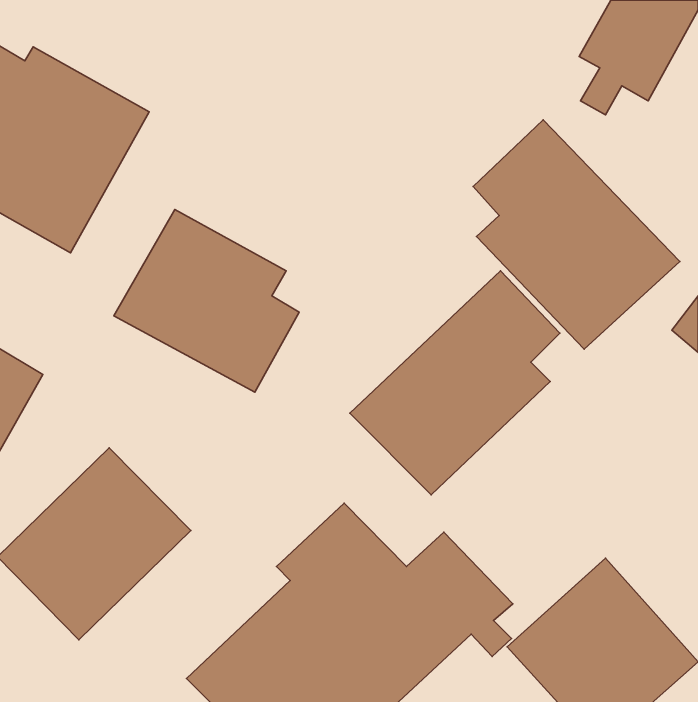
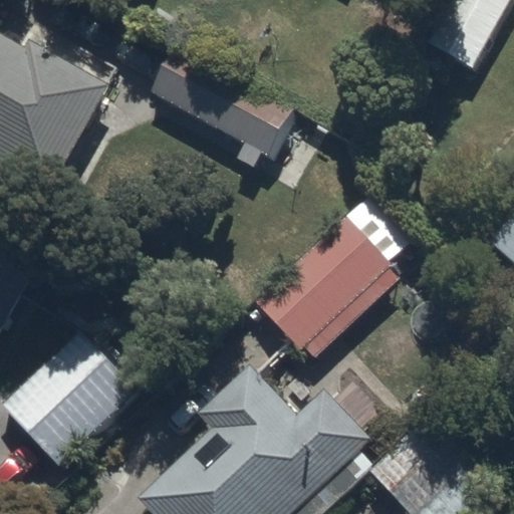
building: none -> [148,48,294,169]
building: [473,120,680,349] -> none
building: [114,209,299,392] -> none

